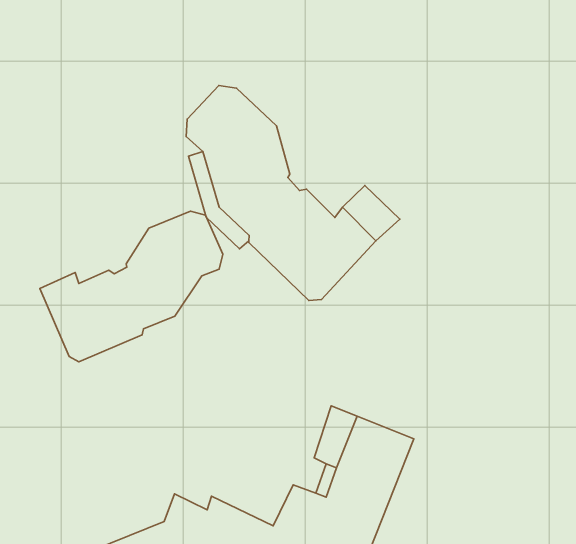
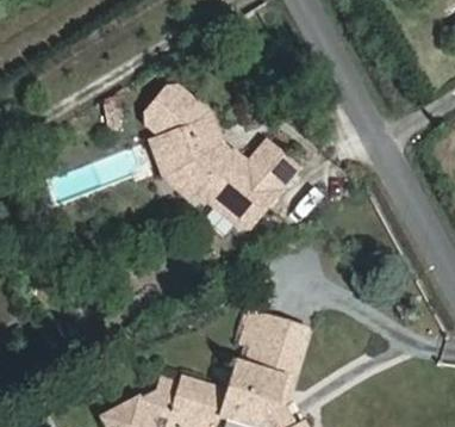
building: [40,211,223,362] -> none

